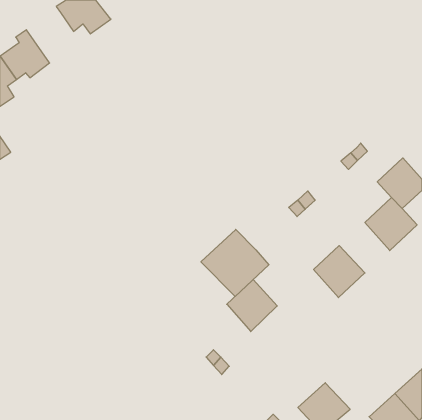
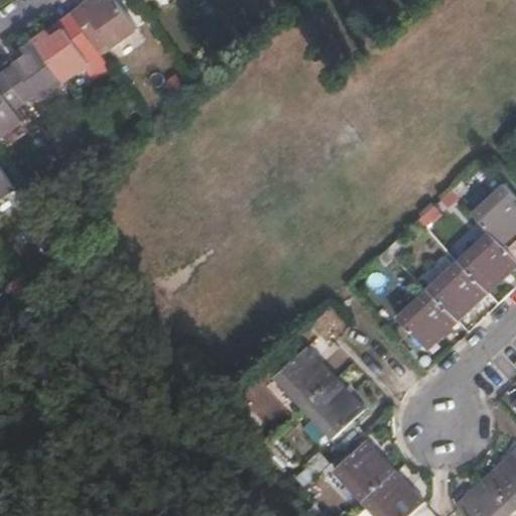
building: none -> [32,18,94,80]
building: none -> [413,274,475,336]
building: [201,229,269,296] -> none
building: none -> [305,376,367,437]
building: none -> [334,437,396,500]

